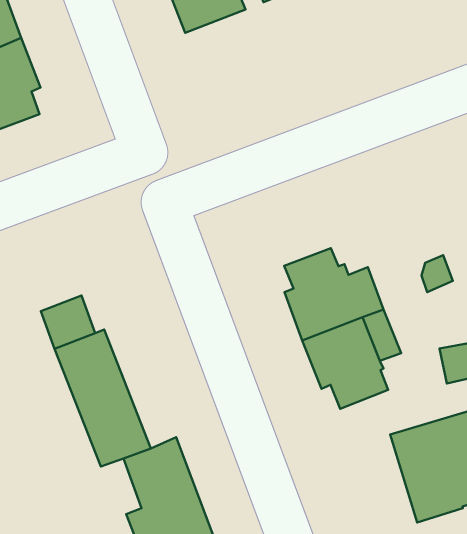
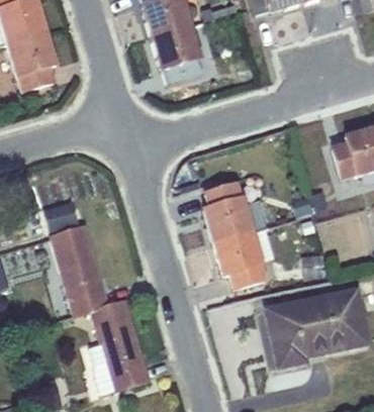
building: none -> [152,24,203,84]

